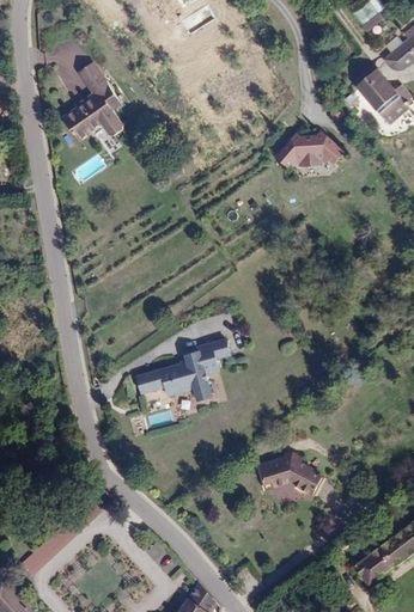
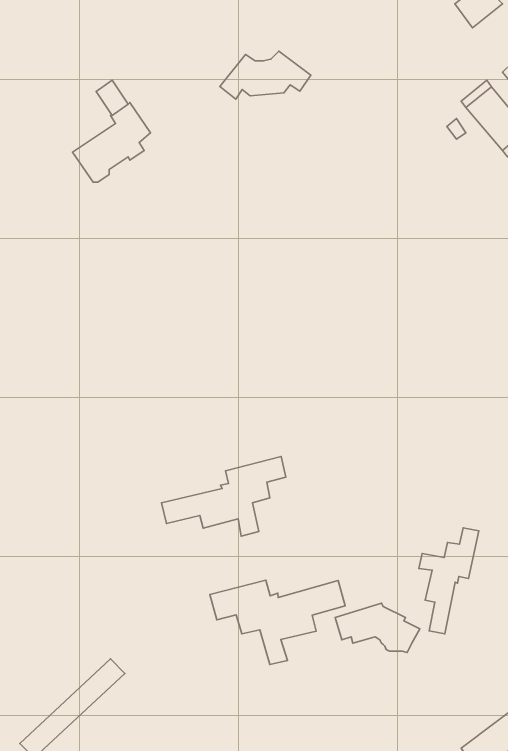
building: [275,133,343,169] -> [220,51,311,99]
building: none -> [419,528,479,634]
building: none -> [210,580,345,665]

